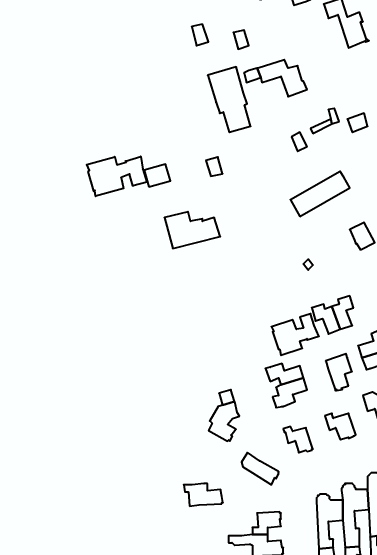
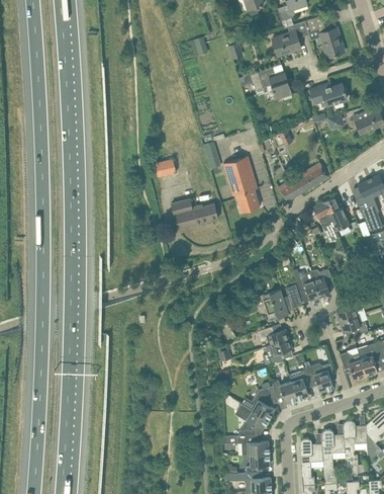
building: none -> [272,21,309,56]
building: [208,67,251,132] -> [223,156,260,212]
building: none -> [310,84,347,106]
building: [87,156,147,196] -> none
building: none -> [313,195,341,226]
building: [326,354,352,391] -> [289,368,311,400]
building: [209,402,239,441] -> [252,386,278,419]
building: [184,484,223,506] -> [236,436,270,456]

